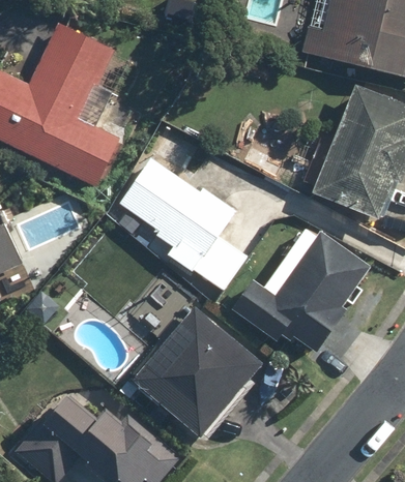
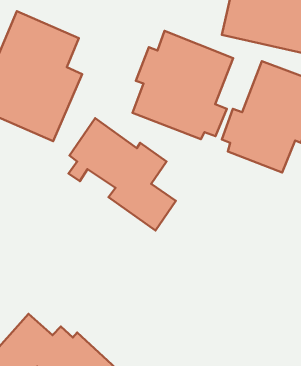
building: none -> [133,31,233,139]
building: [231,232,369,356] -> none
building: [132,306,262,439] -> none

